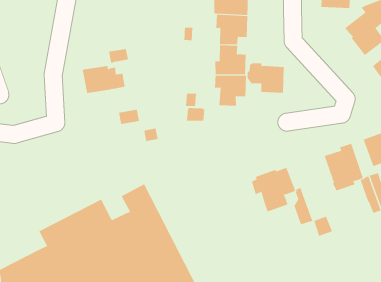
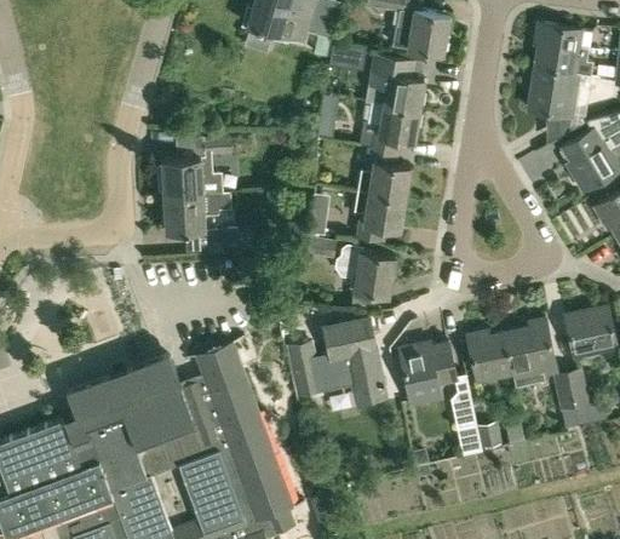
building: [247,63,284,93] -> [337,246,395,297]
building: none -> [165,193,231,234]
building: none -> [467,333,513,382]
building: none -> [289,321,384,403]

